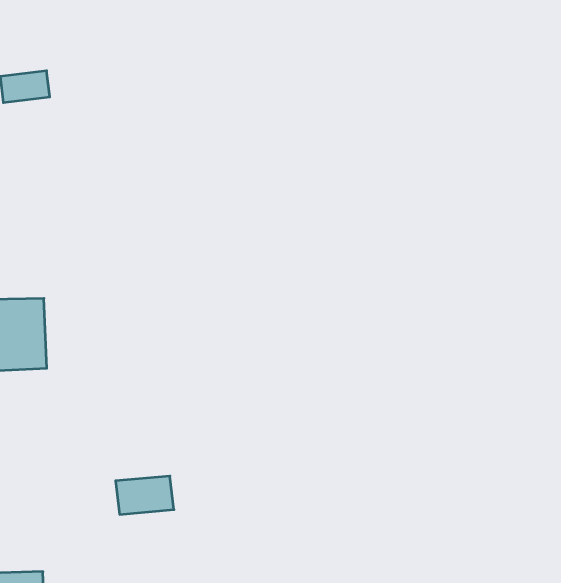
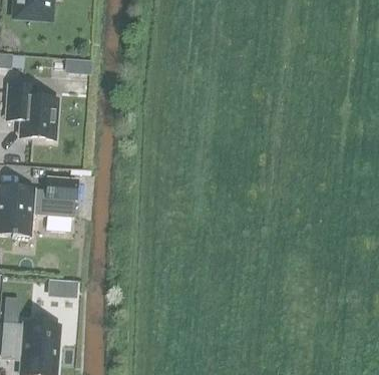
building: [116,476,174,514] -> [49,279,78,298]

